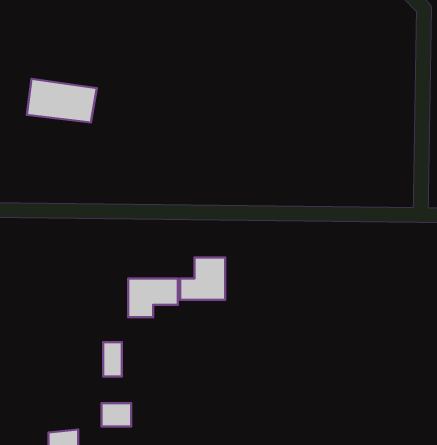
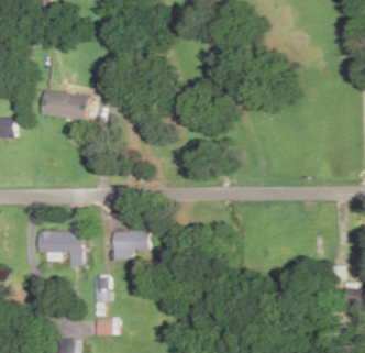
building: [180,258,225,300] -> none
building: none -> [37,230,82,264]

